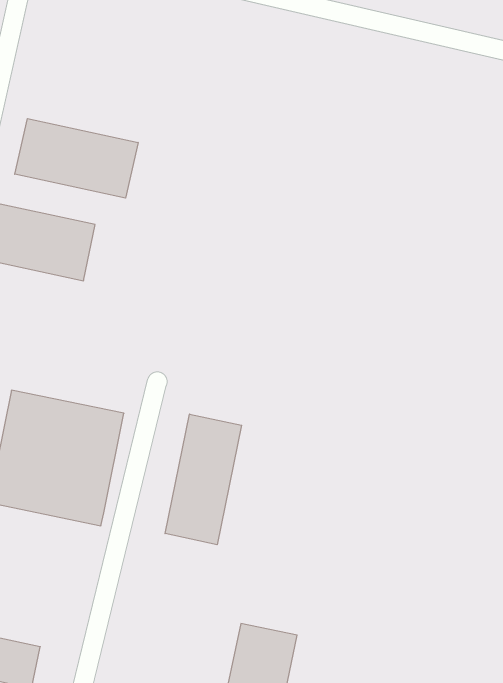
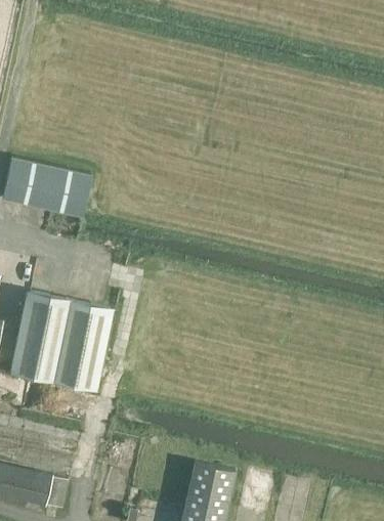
building: [15,119,138,198] -> none
building: [165,414,242,545] -> none

